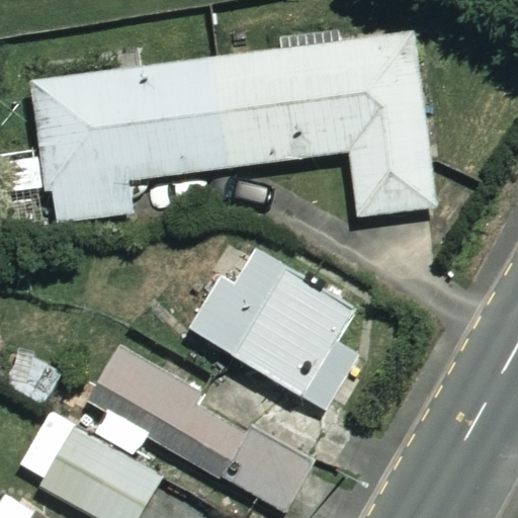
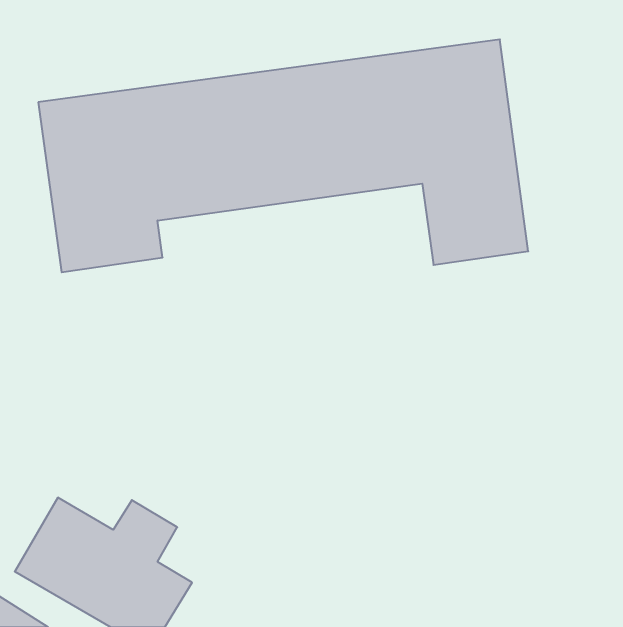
building: [191,246,375,411] -> none
building: [91,344,315,507] -> none

